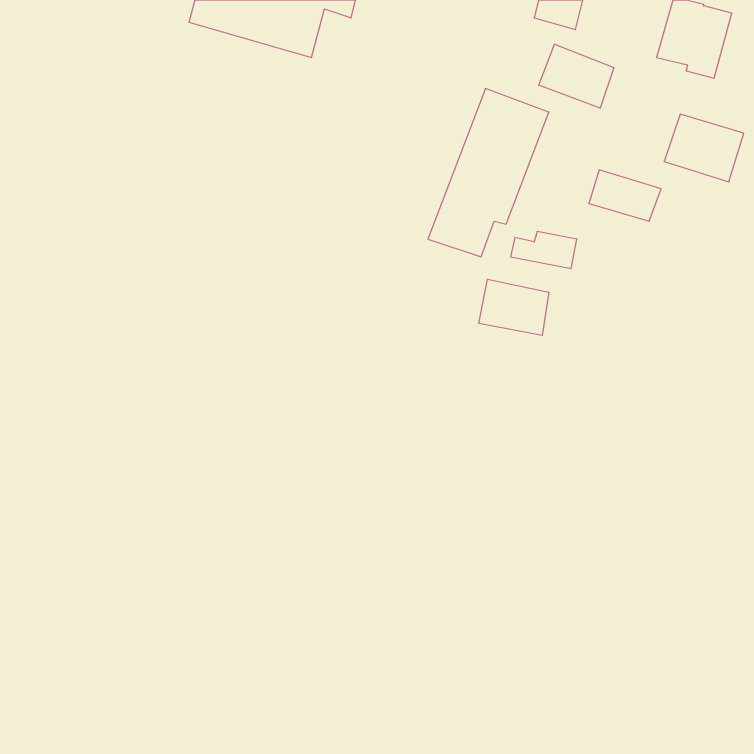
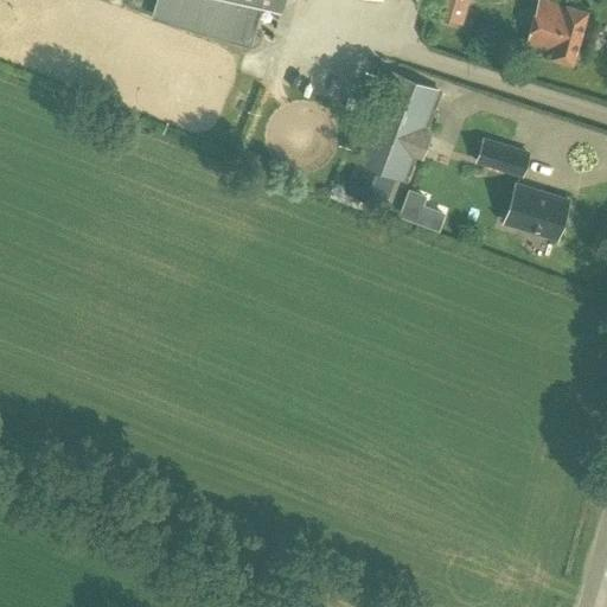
building: [539,44,614,108] -> none
building: [664,114,744,182] -> [506,183,570,237]
building: [479,279,549,335] -> none

